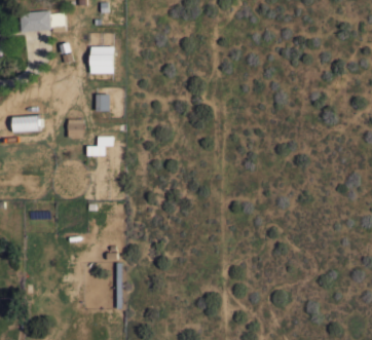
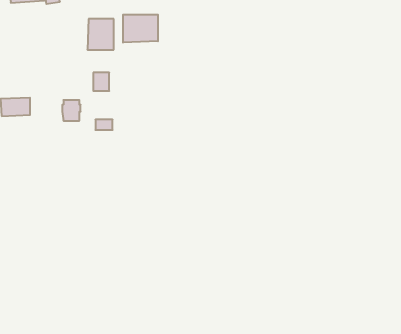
building: none -> [123,15,158,43]

